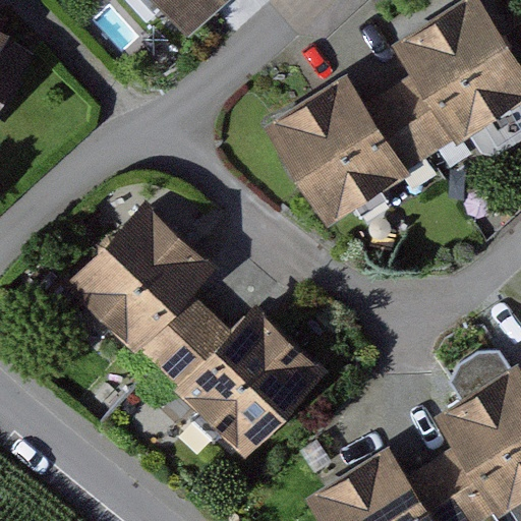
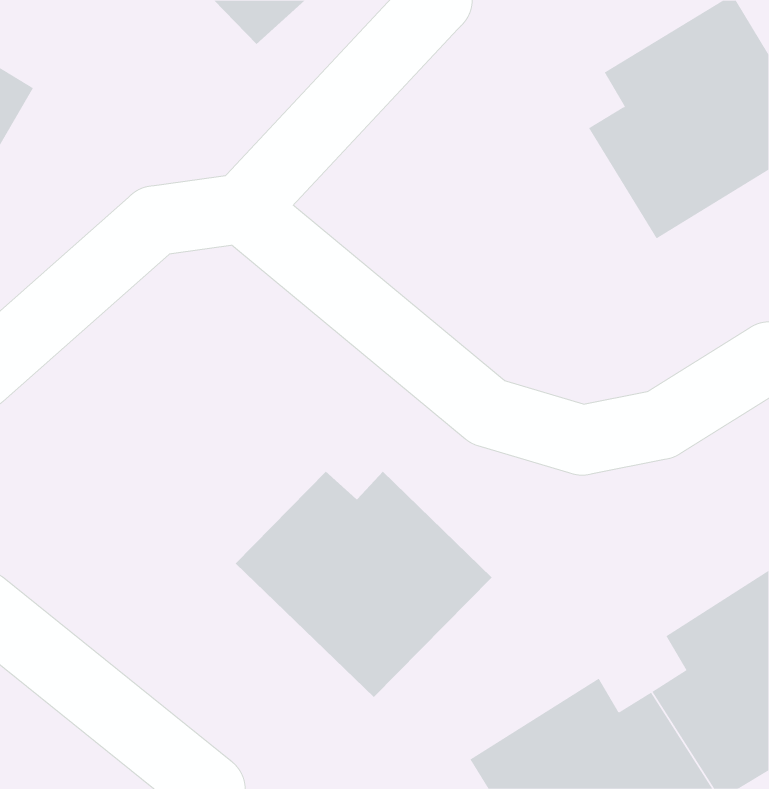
building: [268,74,432,222] -> none
building: [65,205,216,371] -> none

